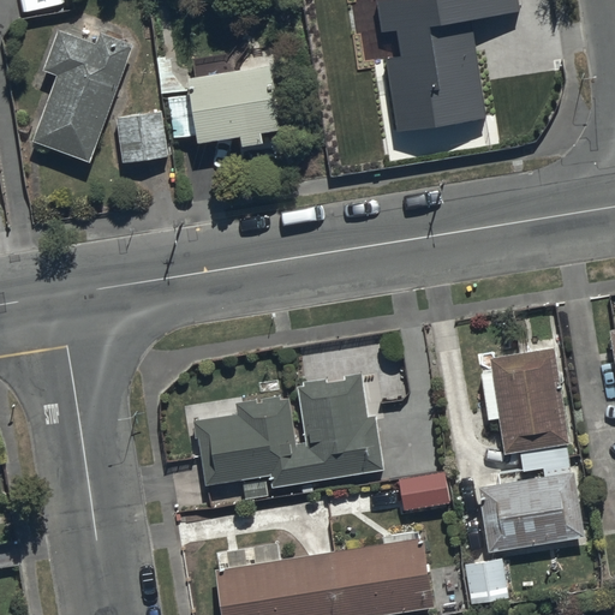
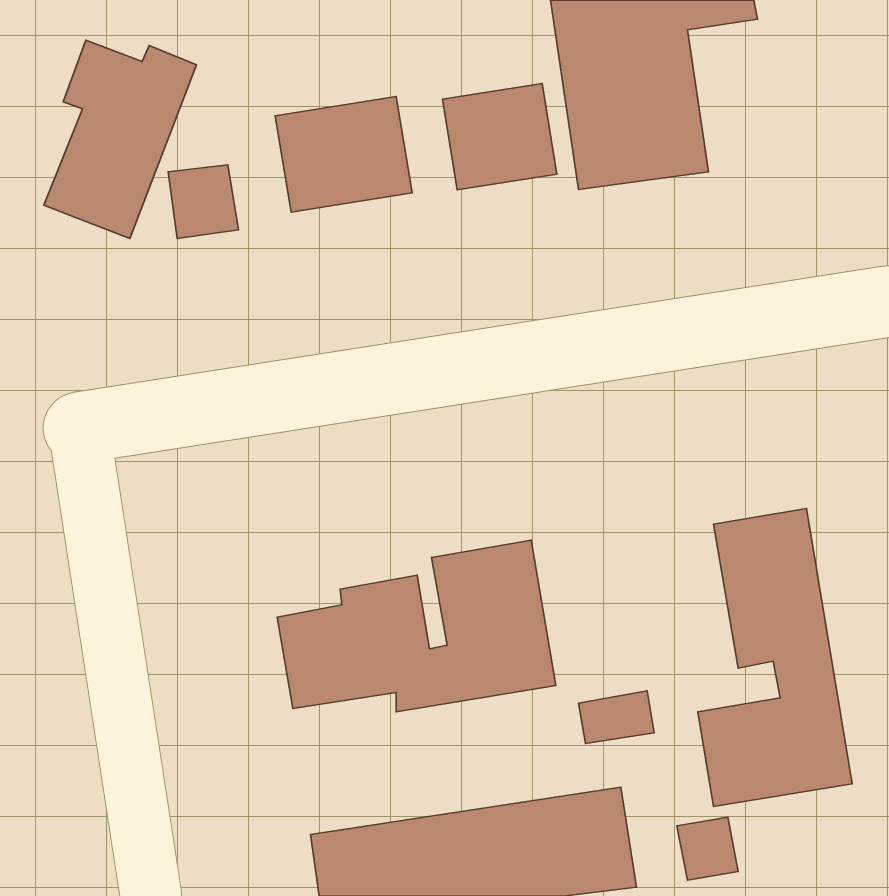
building: none -> [443,83,557,190]

